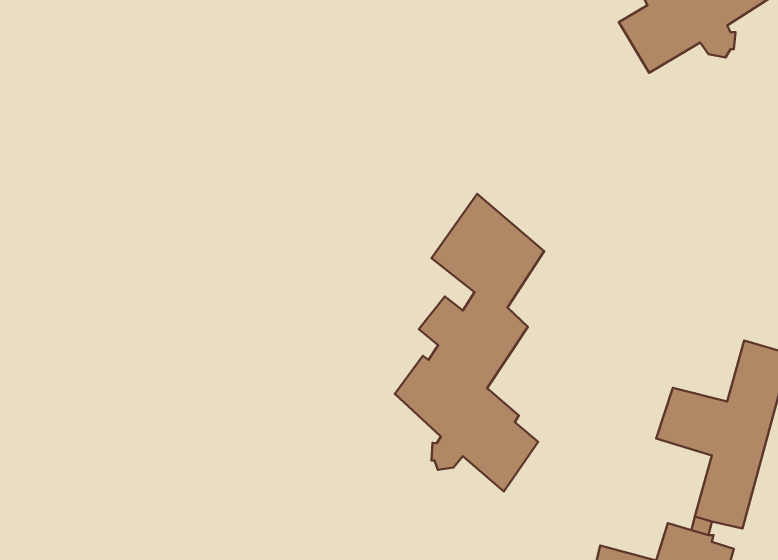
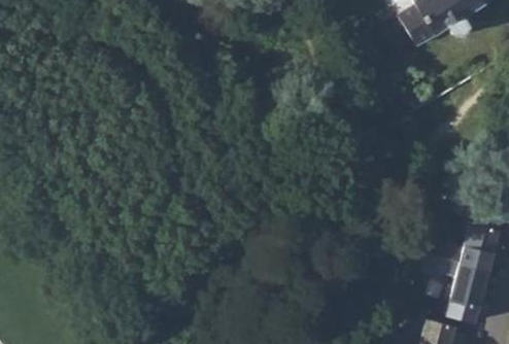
building: [395,194,544,492] -> none

